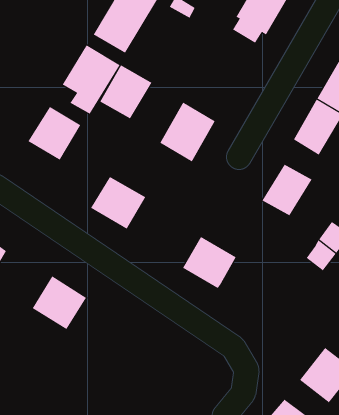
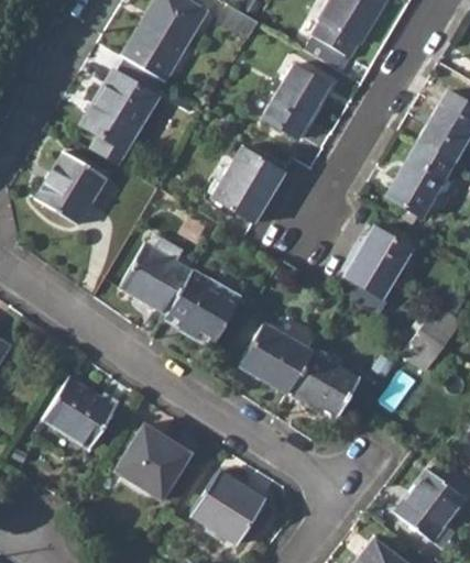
building: none -> [263,65,330,139]
building: [99,64,152,119] -> none
building: none -> [166,272,242,345]
building: none -> [292,351,361,417]
building: none -> [114,422,190,497]
building: none -> [192,470,265,543]

